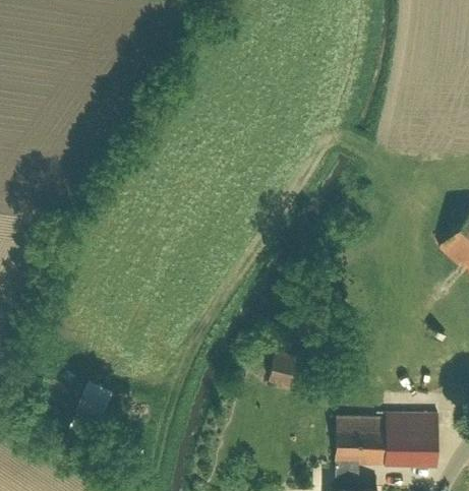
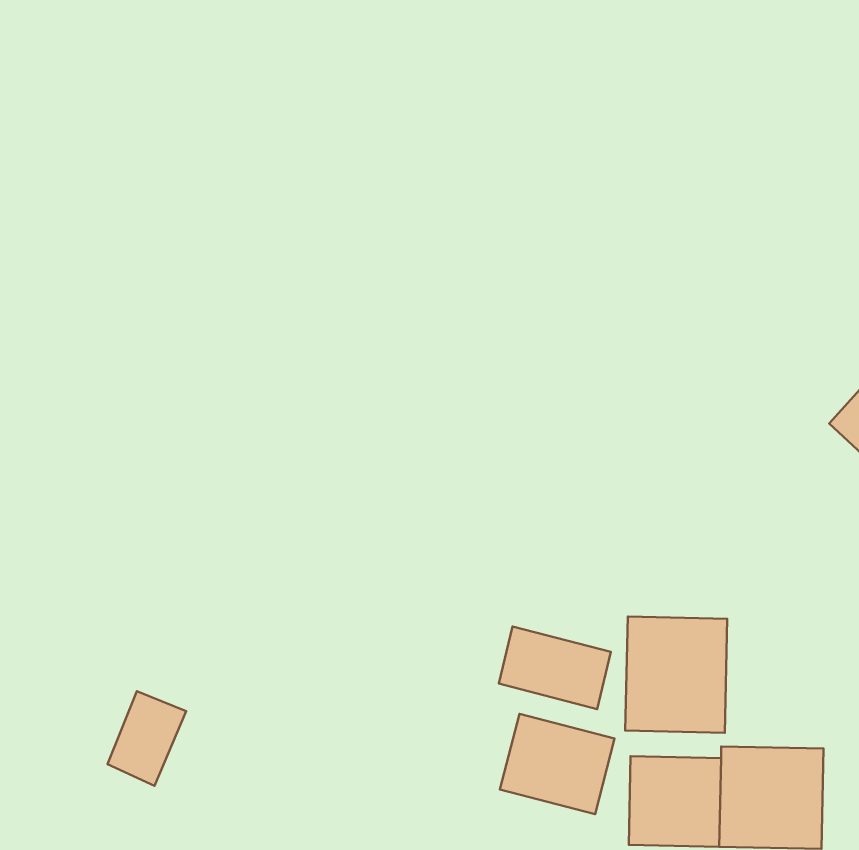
building: none -> [625,617,727,733]
building: none -> [500,714,615,814]

